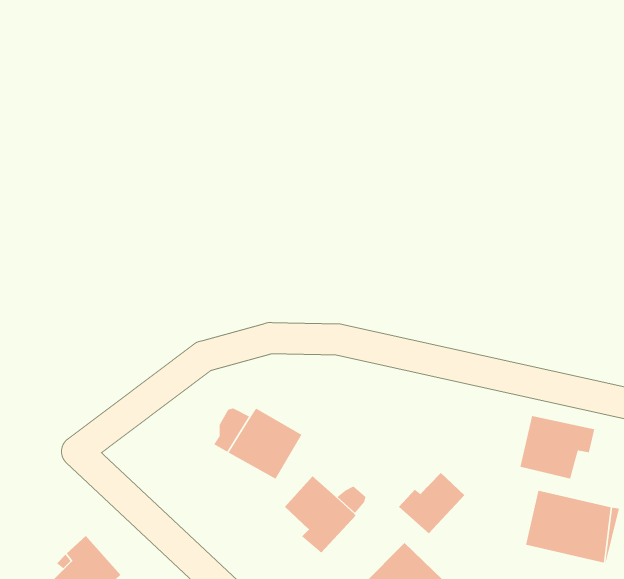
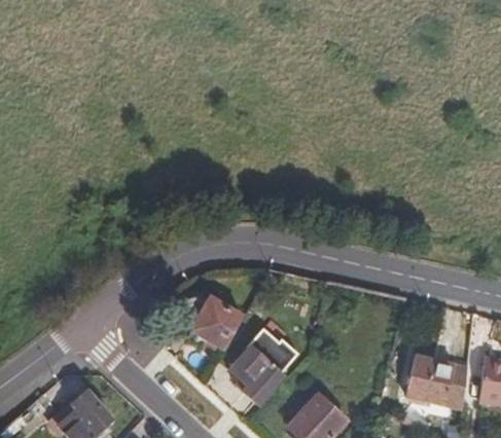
building: [519,415,595,480] -> none
building: [398,472,465,534] -> none

